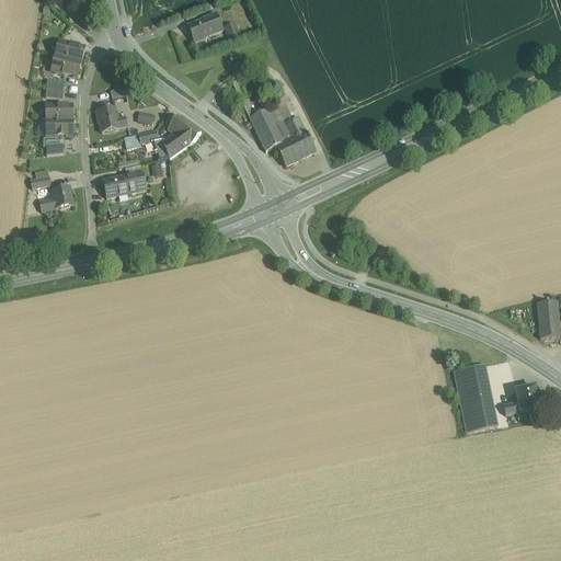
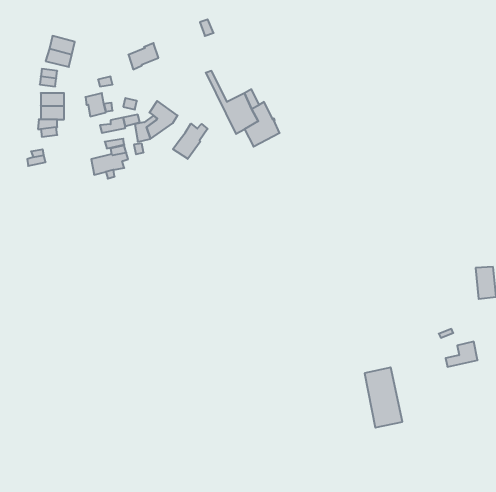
building: [188,12,222,42] -> [128,43,158,69]
building: none -> [173,124,208,159]
building: [39,185,73,210] -> none
building: [454,364,496,432] -> [365,367,402,428]

